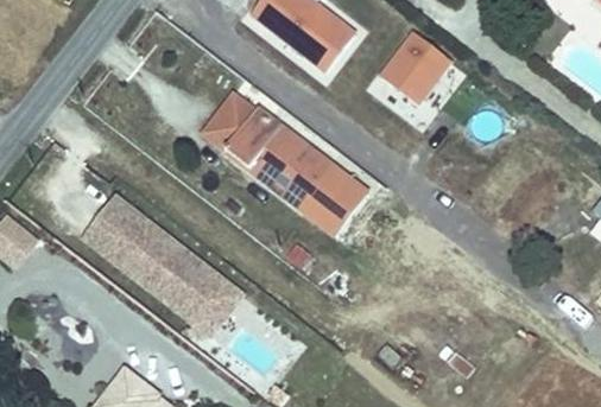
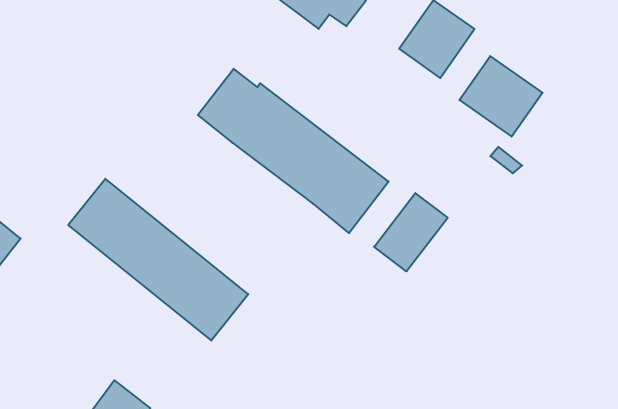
building: none -> [459,56,543,137]
building: none -> [374,193,448,271]

